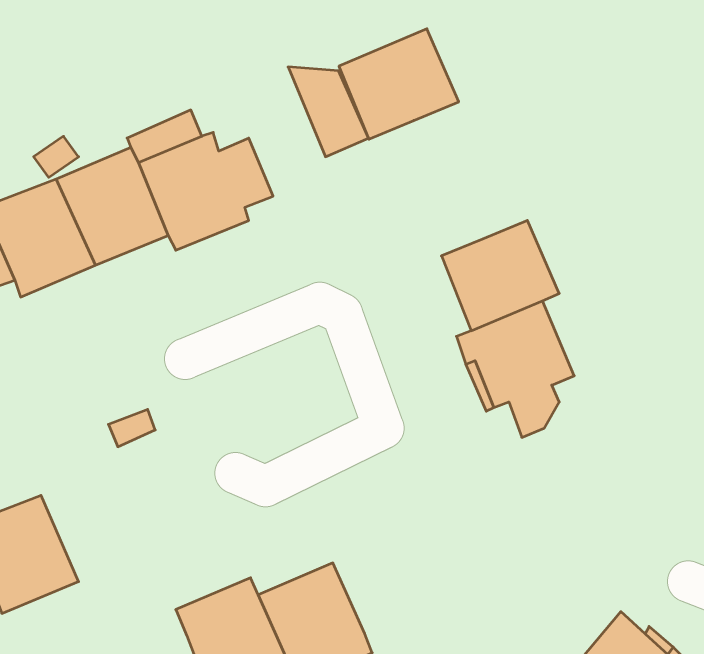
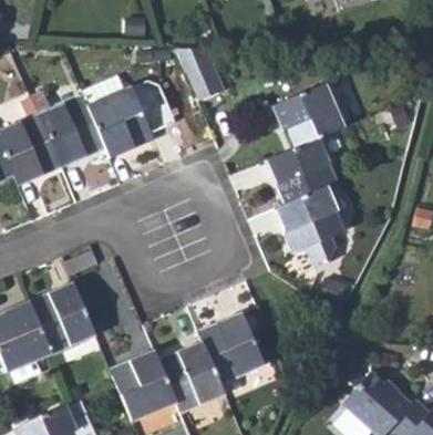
building: [339,29,459,139] -> [274,85,344,151]
building: none -> [30,283,95,353]
building: none -> [198,313,265,384]

